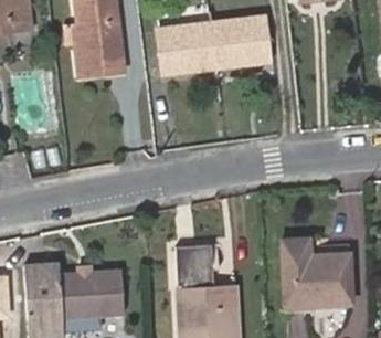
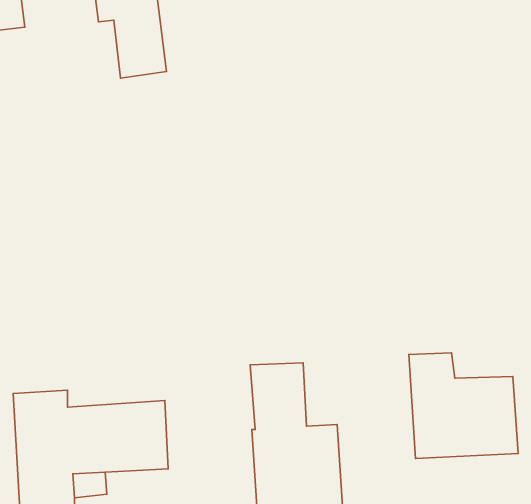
building: [159,15,271,74] -> none
building: [74,23,125,77] -> none

